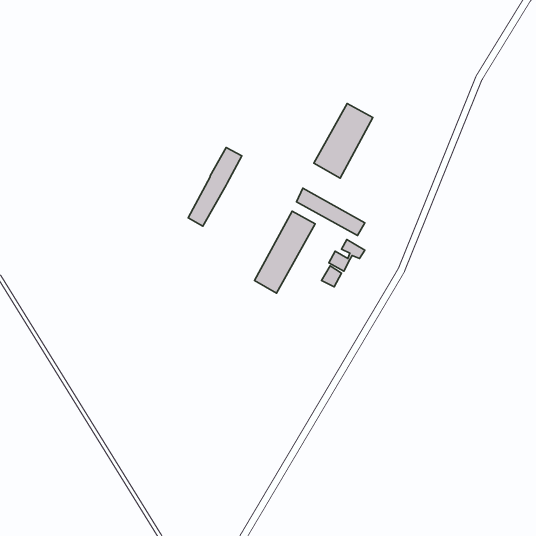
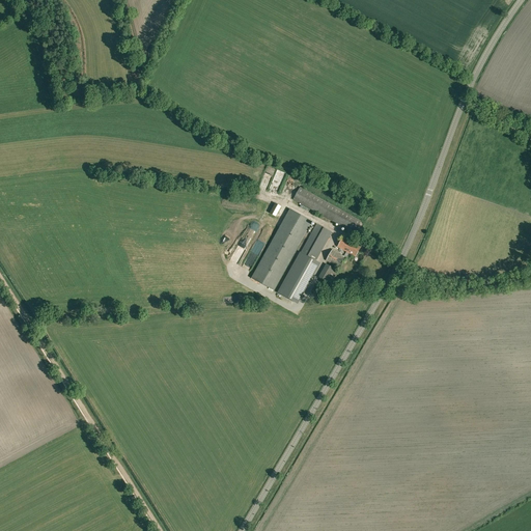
building: [314,104,373,178] -> none
building: [188,147,242,226] -> [278,223,331,301]

